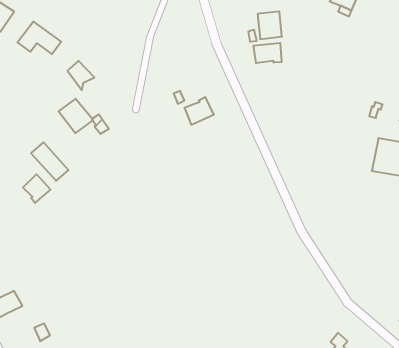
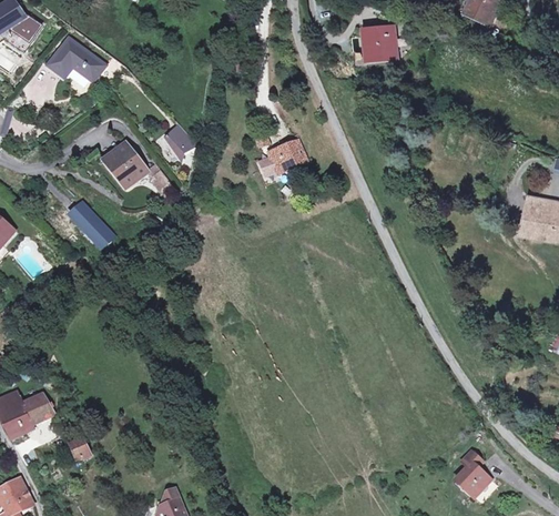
building: [254,43,282,63] -> none
building: [68,61,94,90] -> [162,122,197,161]
building: [23,174,50,203] -> none

